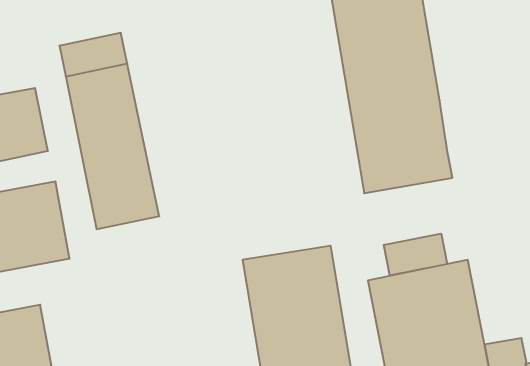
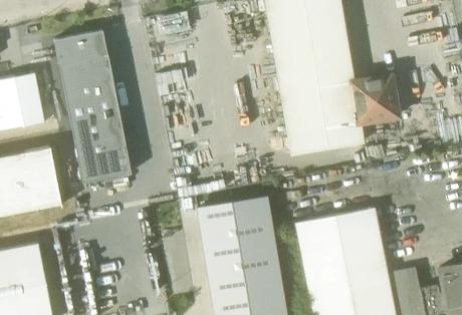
building: none -> [352,75,398,123]
building: [384,234,447,275] -> none

